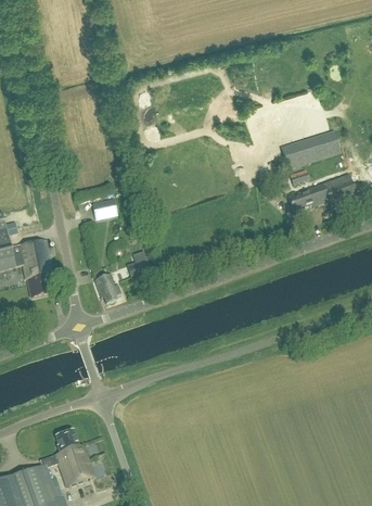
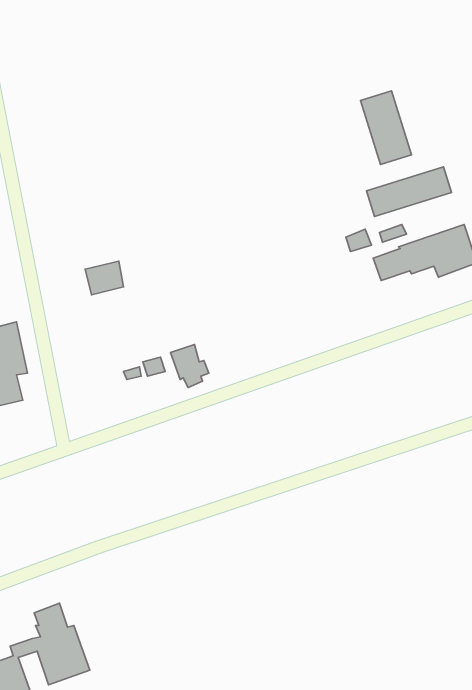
building: none -> [360,91,411,165]
building: [94,274,120,303] -> [170,344,209,388]

